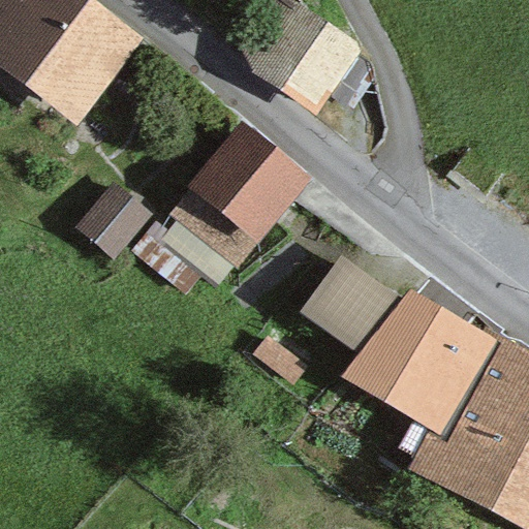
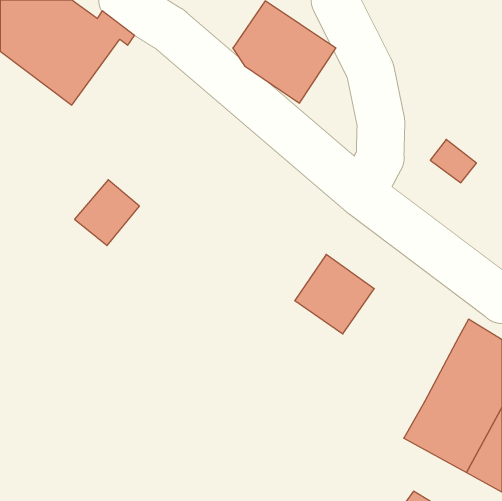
building: [181,136,299,260] -> none
building: [357,304,483,424] -> none

